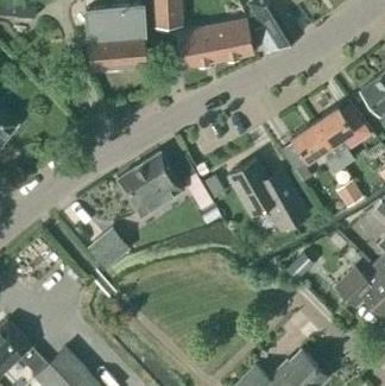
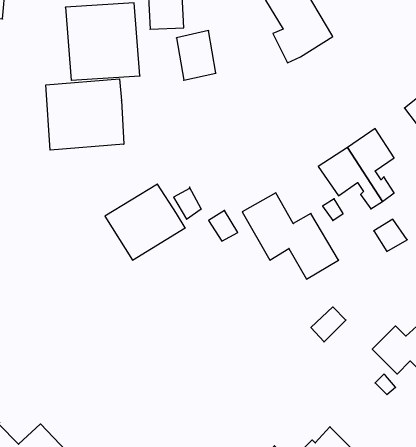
building: [202,20,254,63] -> none
building: none -> [46,79,124,150]
building: [90,229,130,267] -> none

